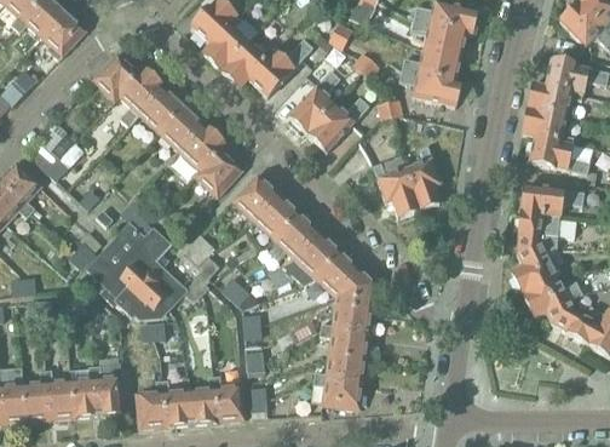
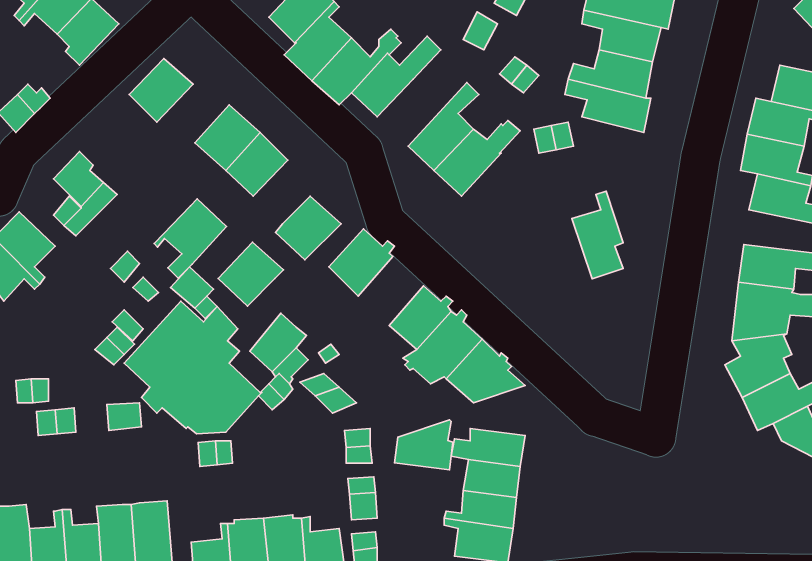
building: [113,68,163,124] -> [154,199,226,278]
building: [180,126,226,171] -> [218,242,284,306]
building: [375,165,419,217] -> none
building: [254,193,300,242] -> none
building: [333,285,374,320] -> [394,420,453,470]

